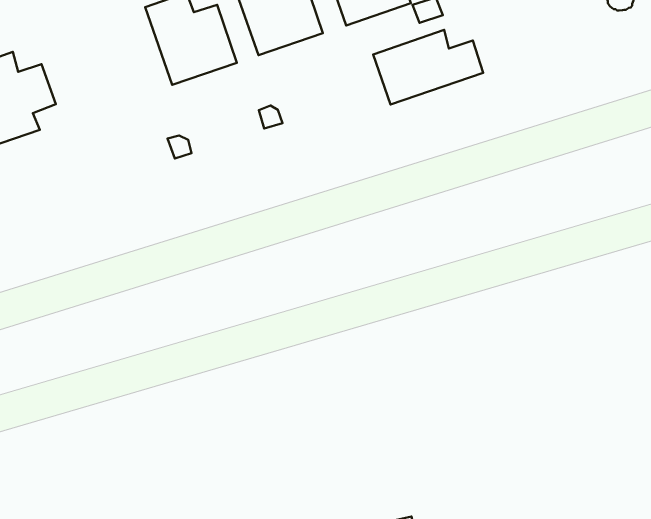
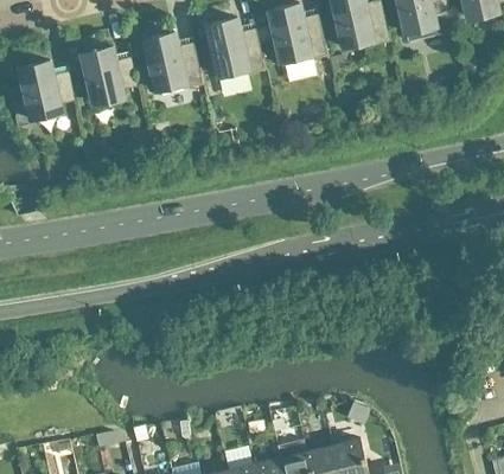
building: none -> [81,46,138,103]
building: [373,30,483,105] -> none

